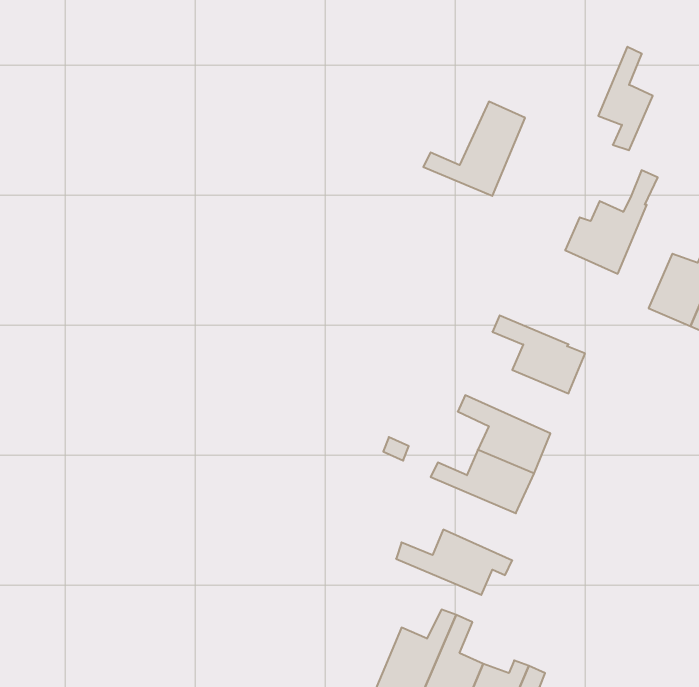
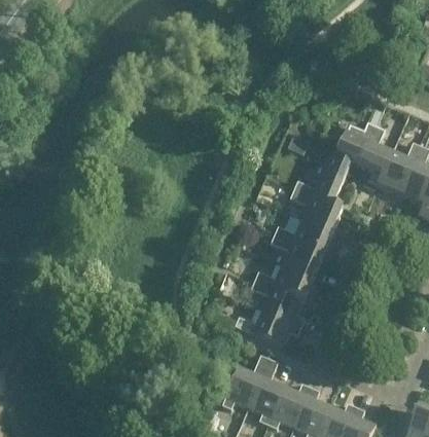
building: [598,47,653,150] -> [360,125,391,184]
building: [423,102,525,196] -> [293,151,351,205]
building: none -> [274,219,332,255]
building: none -> [250,280,305,327]

